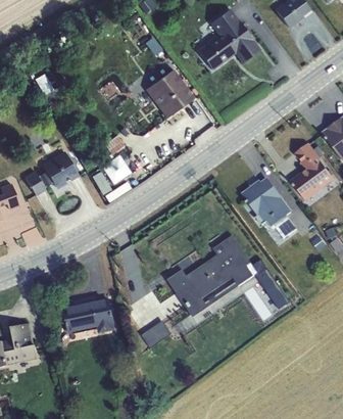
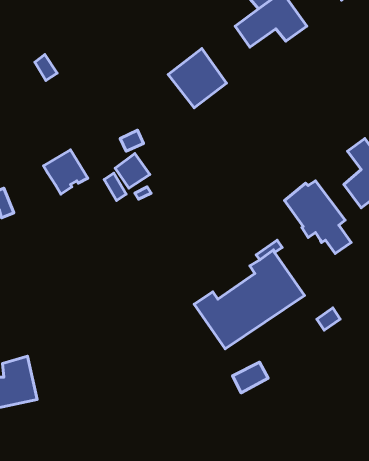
building: [23,170,52,194] -> none
building: [63,298,114,333] -> none
building: [142,320,172,345] -> [232,362,268,393]

